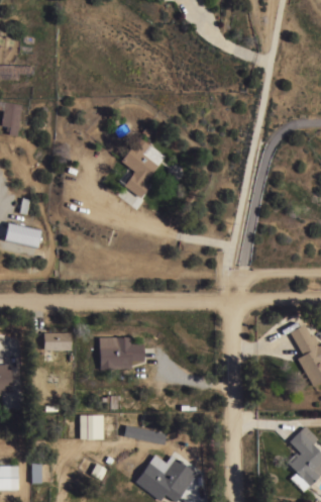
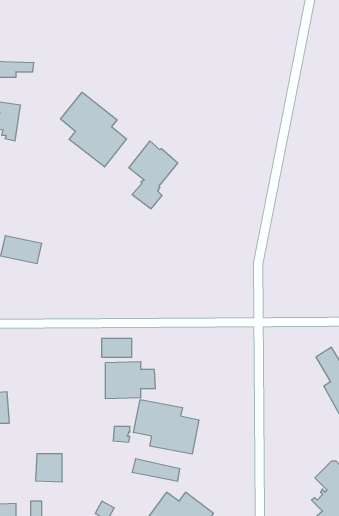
building: none -> [61,92,127,167]
building: [43,332,71,349] -> [102,338,132,357]
building: none -> [134,400,199,454]
building: [79,414,103,439] -> [36,454,62,482]

